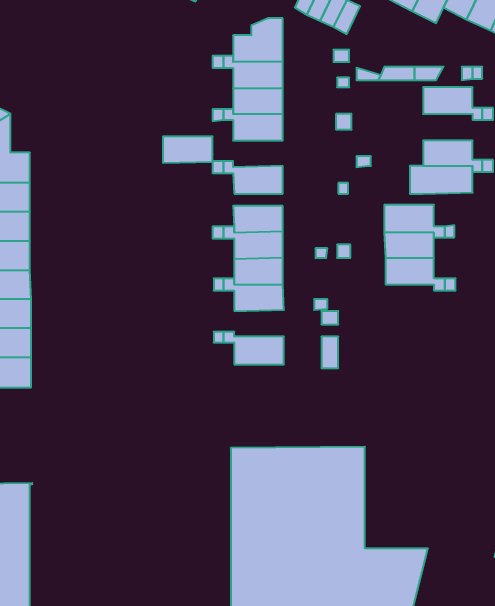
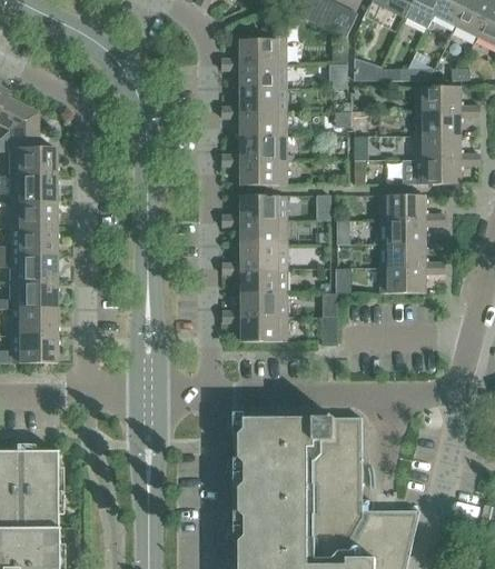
building: none -> [416,111,462,136]
building: [163,136,213,163] -> [241,136,287,160]
building: none -> [382,268,426,292]
building: none -> [242,291,288,316]

